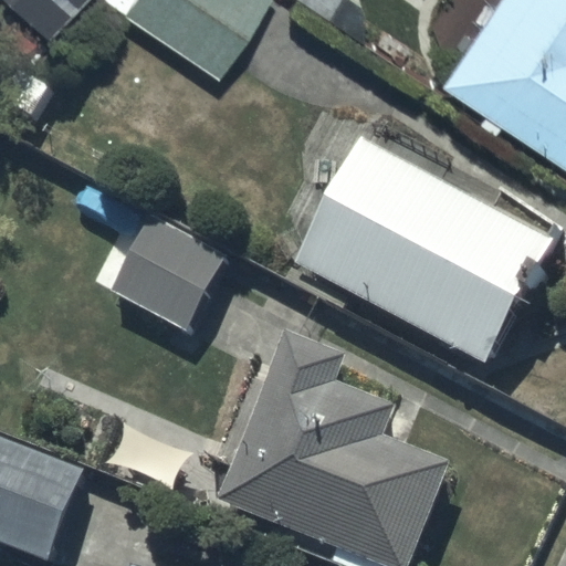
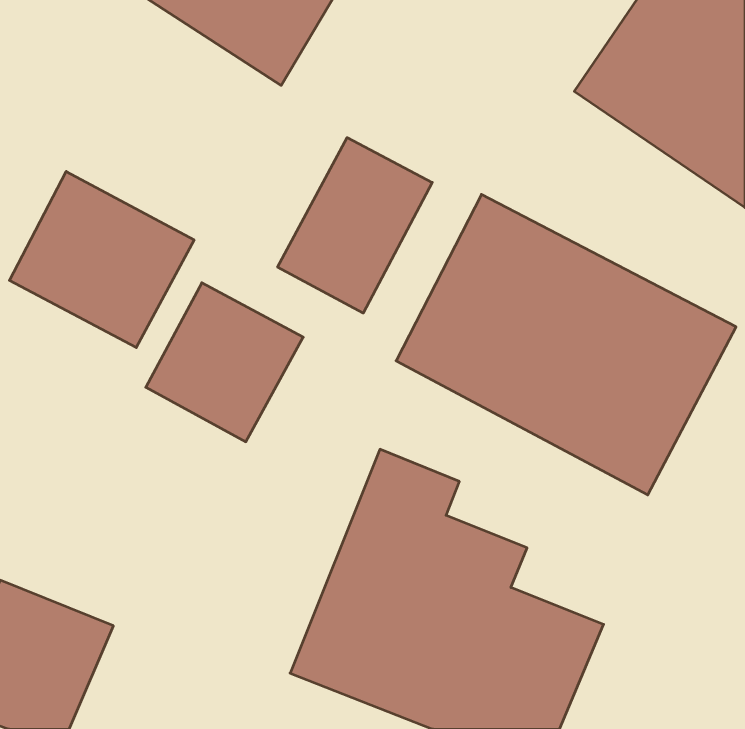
building: none -> [278,138,432,313]
building: none -> [9,171,194,348]

